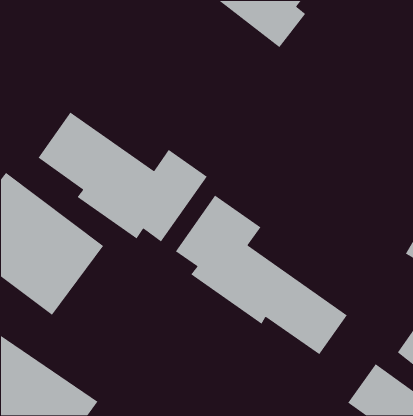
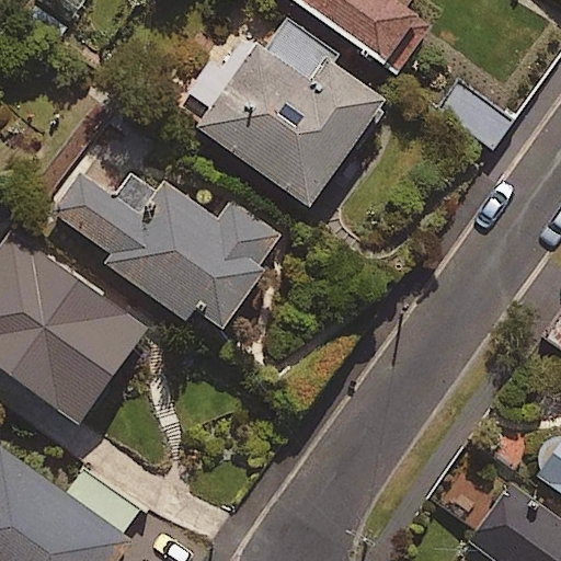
building: none -> [190,22,382,207]
building: [175,194,348,355] -> none

